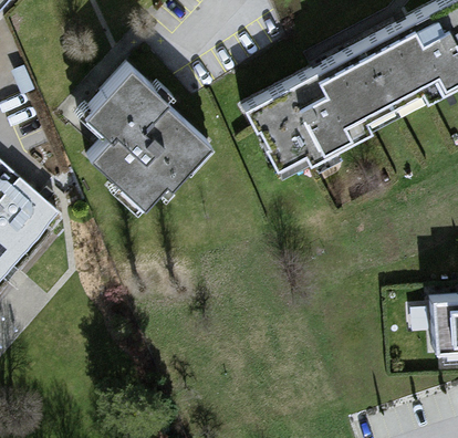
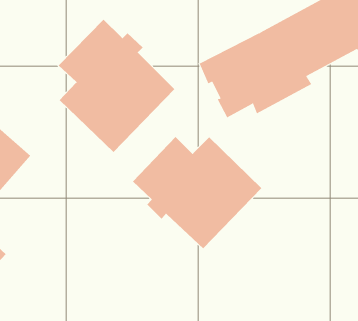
building: none -> [132,136,262,249]

